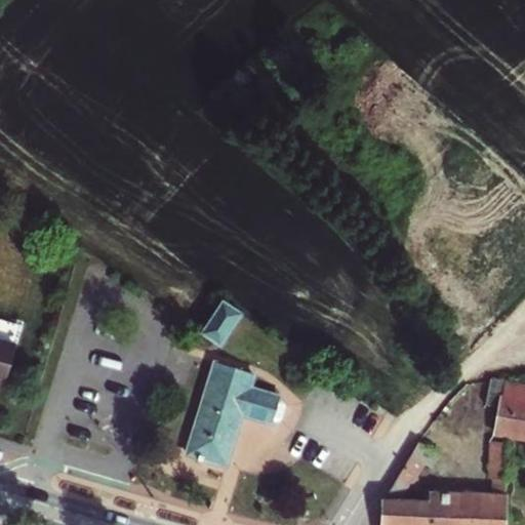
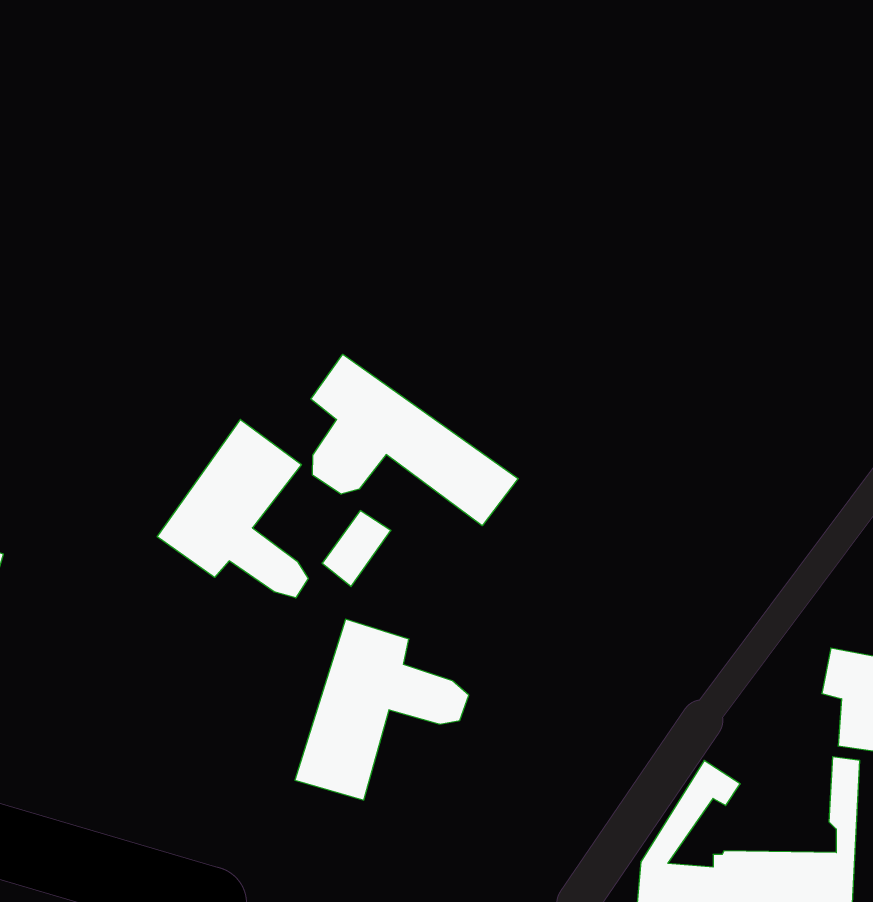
building: none -> [311,354,518,526]
building: none -> [157,419,308,598]

